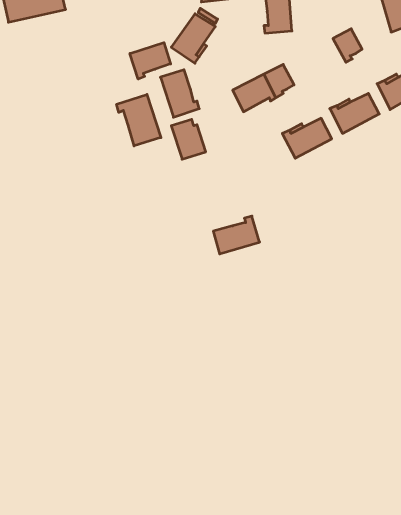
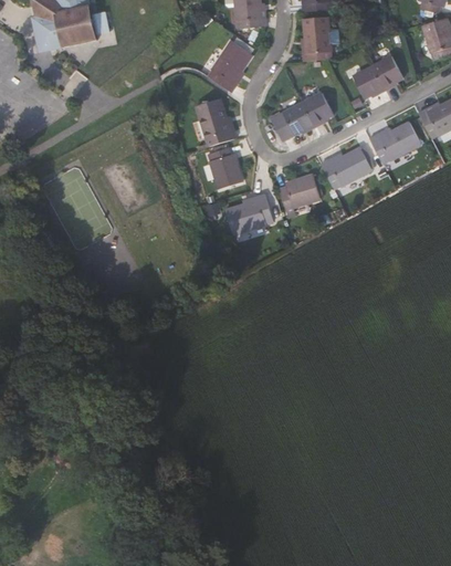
building: none -> [353,66,386,97]
building: [130,43,171,79] -> none
building: [117,94,161,146] -> none
building: none -> [279,176,319,210]
building: [213,216,260,254] -> [224,195,272,233]

